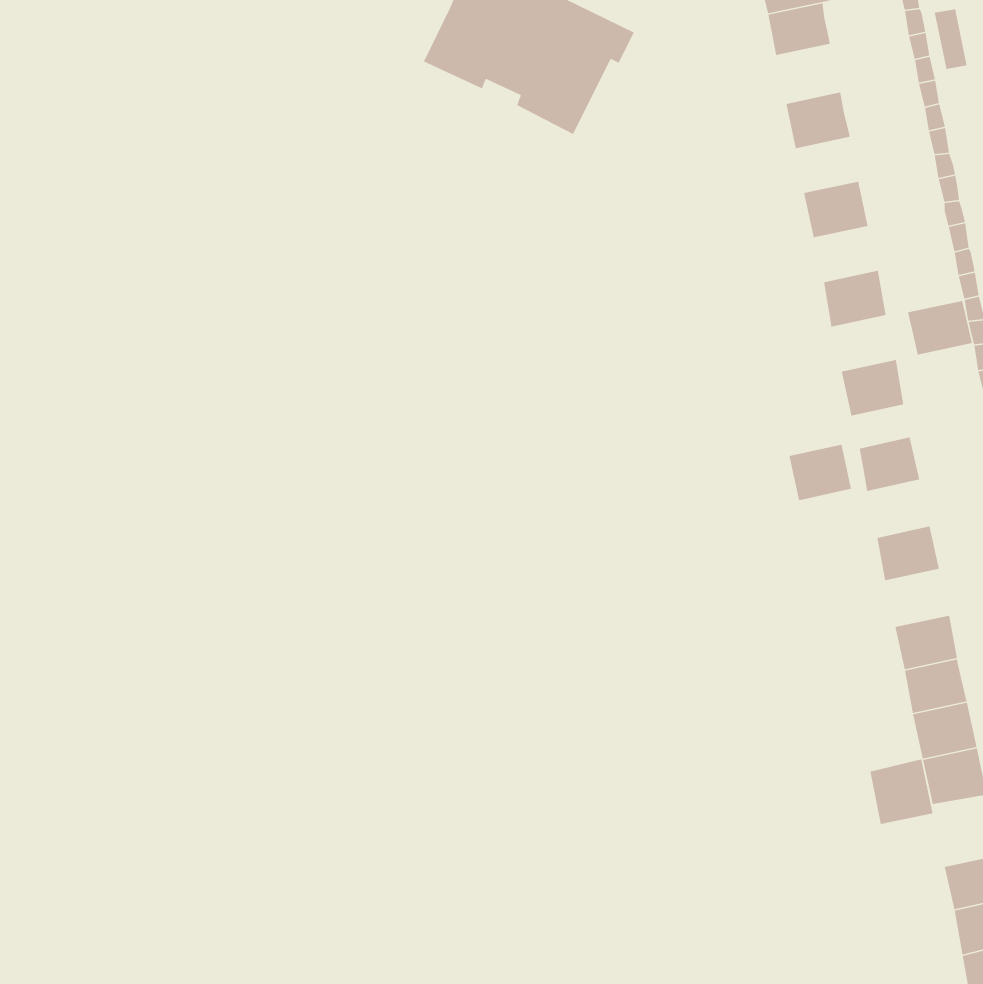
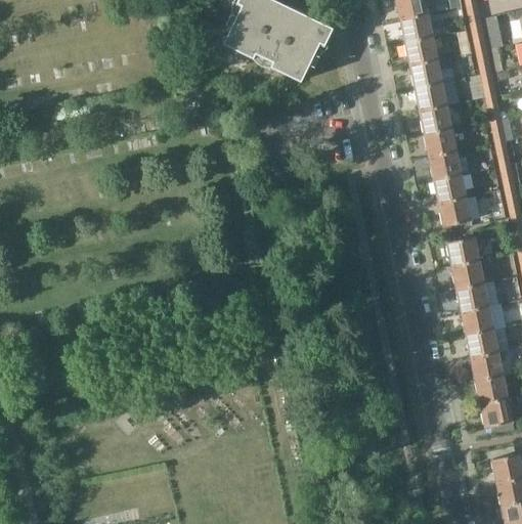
building: none -> [405,34,439,64]
building: none -> [416,82,448,111]
building: none -> [425,128,459,157]
building: [907,300,973,355] -> [434,174,468,203]
building: [789,444,852,501] -> [452,259,485,289]
building: none -> [462,305,495,335]
building: [870,759,933,825] -> none

